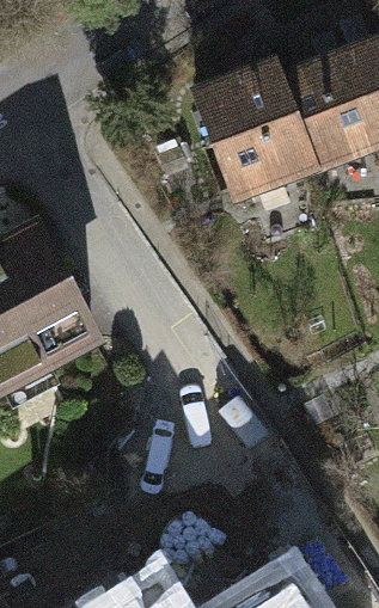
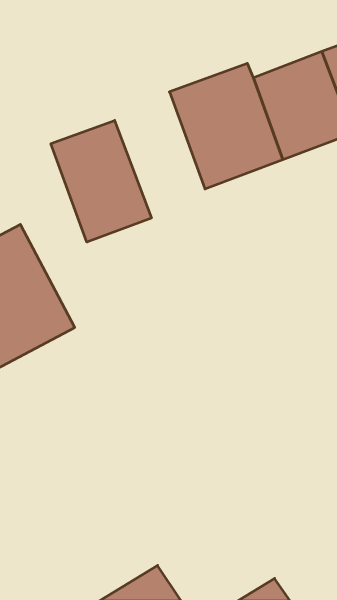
building: none -> [51,120,151,242]

